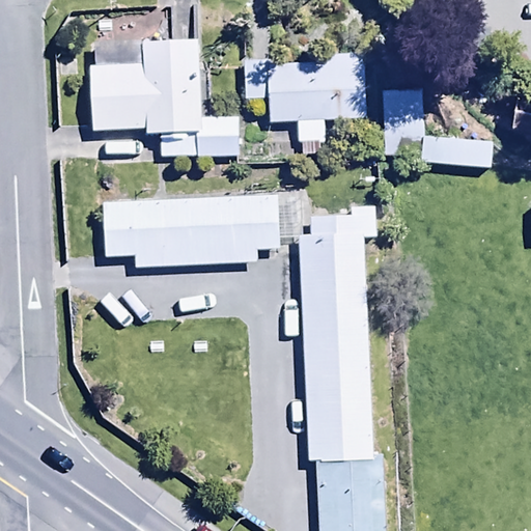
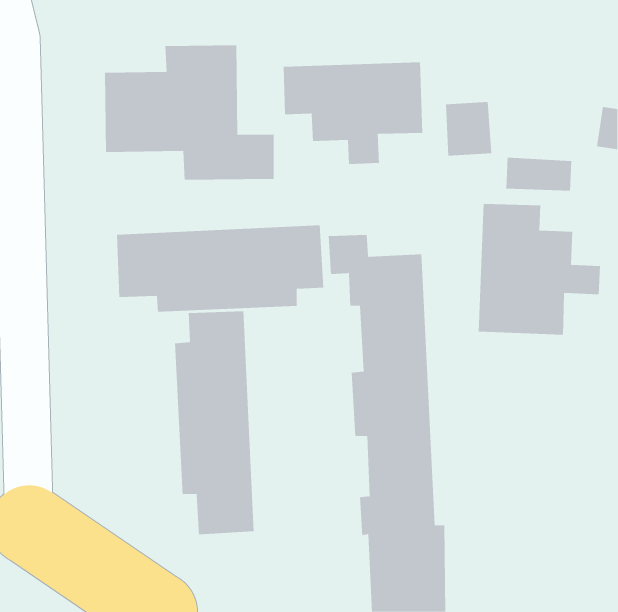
building: none -> [478,203,600,335]
building: none -> [175,311,254,535]

